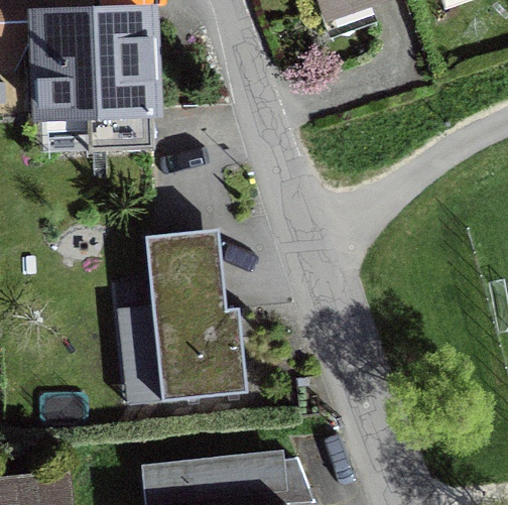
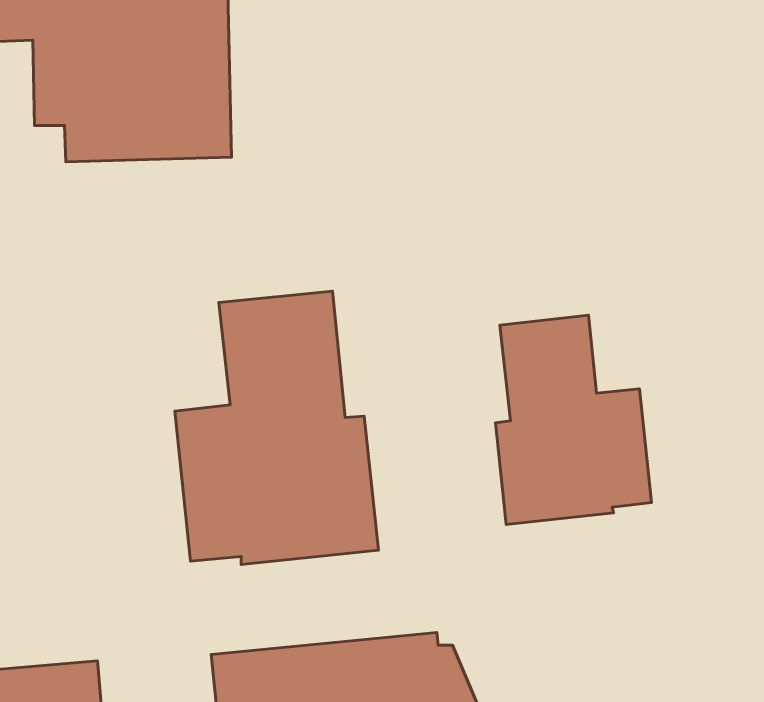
building: none -> [496,315,651,524]

